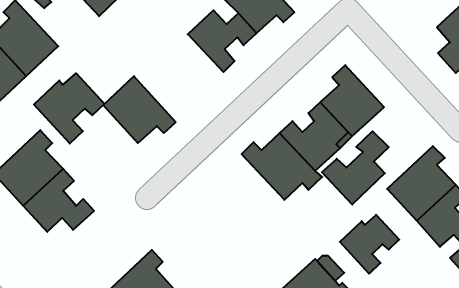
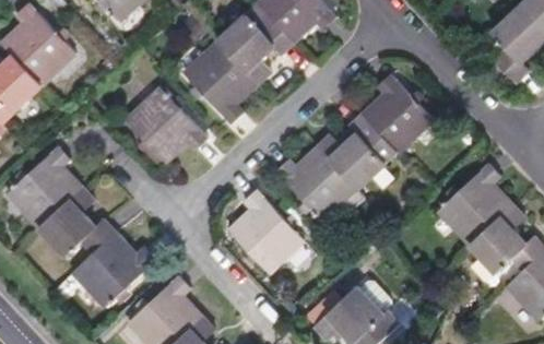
building: none -> [182,39,257,122]
building: [34,73,104,144] -> none
building: [322,131,389,205] -> none
building: none -> [229,188,304,271]
building: none -> [72,233,154,306]
building: [340,215,399,274] -> none

